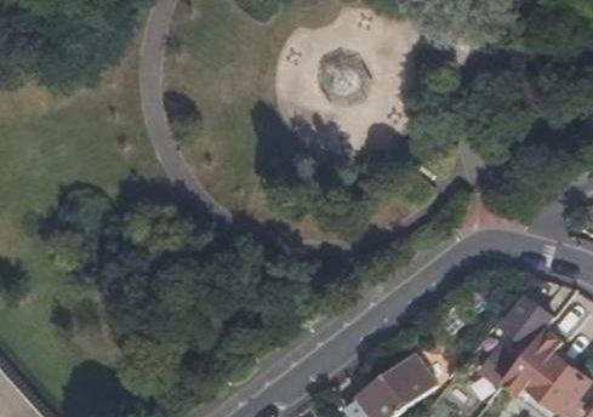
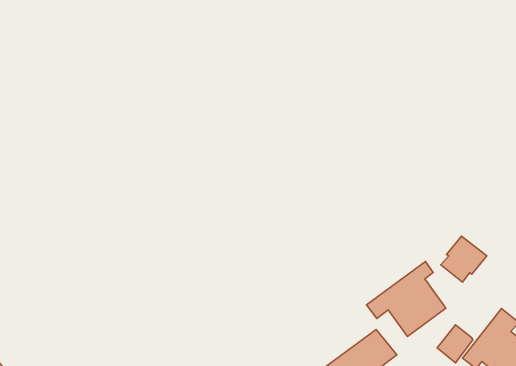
building: none -> [367,262,446,336]
building: [506,298,554,347] -> [441,236,487,282]

